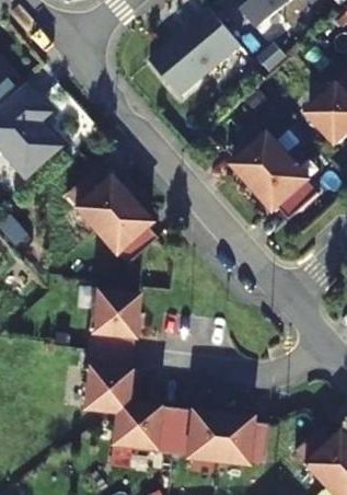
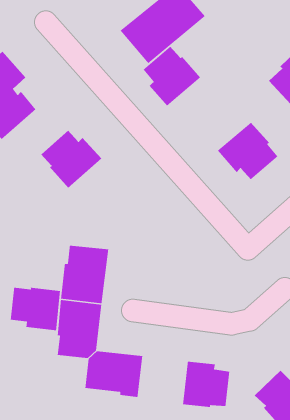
building: [229,125,291,189] -> [143,46,201,106]
building: [96,198,159,264] -> none
building: none -> [10,287,61,331]
building: [171,408,223,461] -> none

